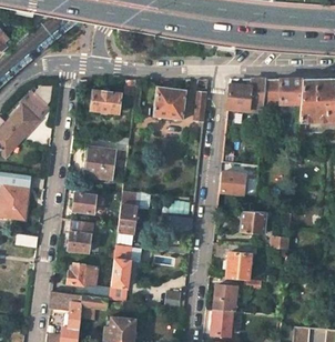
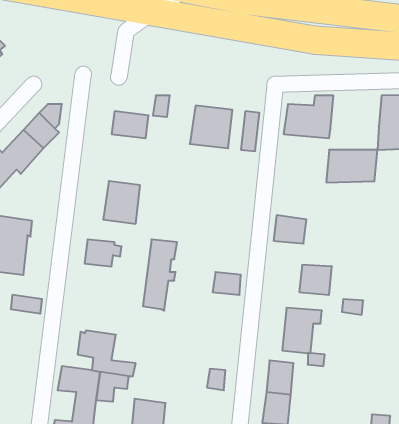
building: [263,79,303,104] -> [326,150,377,182]
building: [67,220,90,251] -> none
building: [109,243,131,301] -> none

